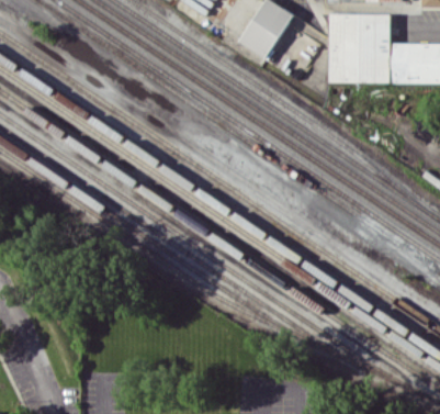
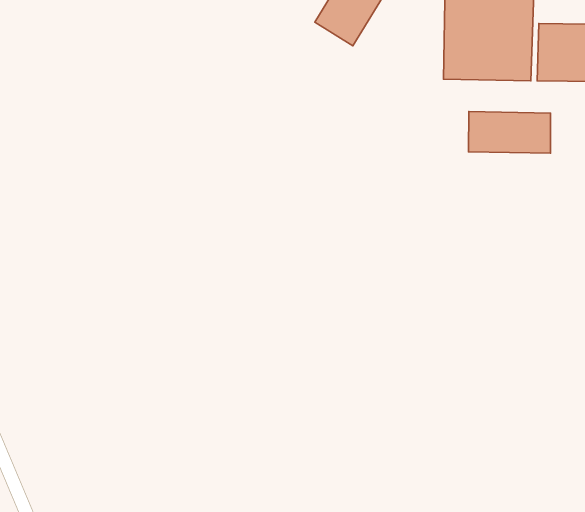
building: none -> [469,112,551,153]

